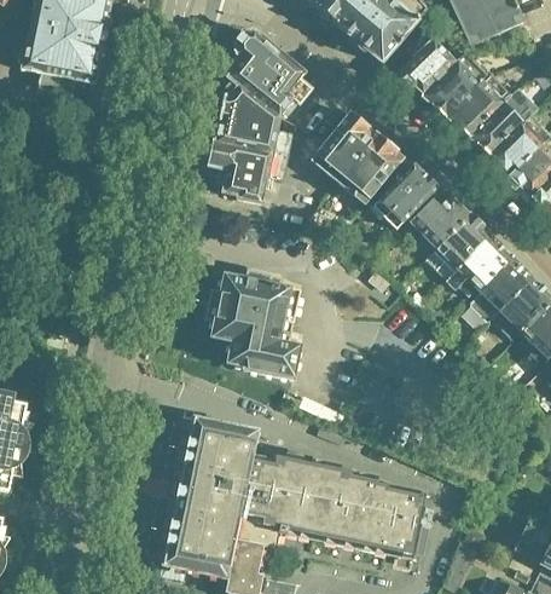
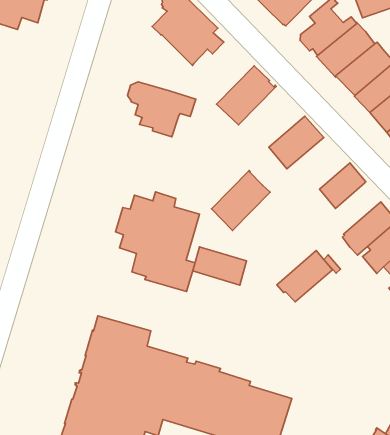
building: [217,85,290,156] -> none
building: [338,133,405,204] -> [212,171,270,231]
building: [412,197,470,248] -> none
building: [448,236,511,298] -> [277,251,332,302]
building: none -> [193,247,246,285]

